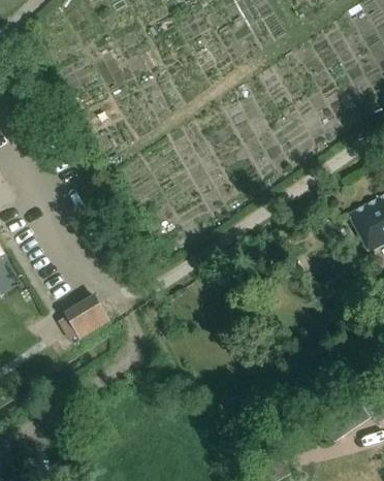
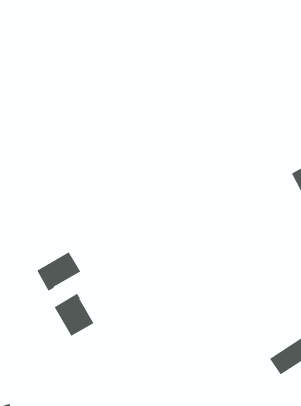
building: none -> [54,293,94,337]

